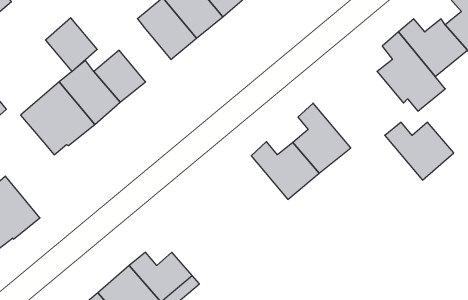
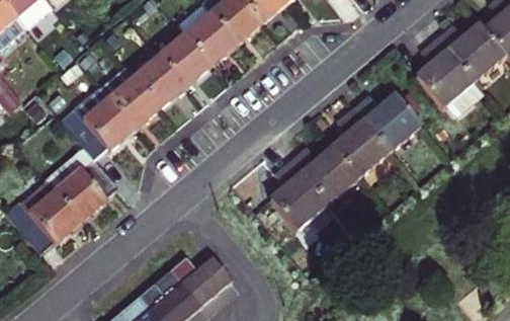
building: [45,18,97,72] -> [159,32,210,86]
building: [385,122,454,180] -> [352,94,421,152]
building: none -> [45,147,117,222]
building: none -> [269,160,327,230]

